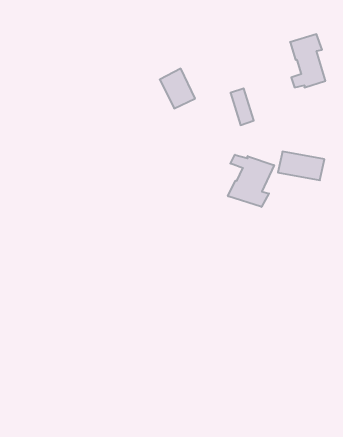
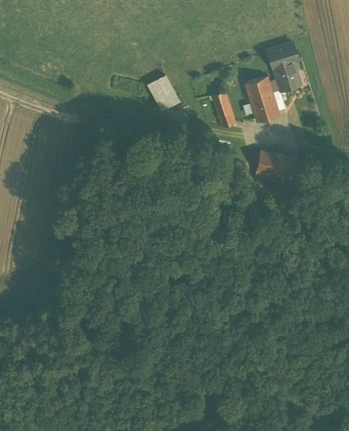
building: none -> [246,77,280,123]
building: [228,155,274,207] -> none

